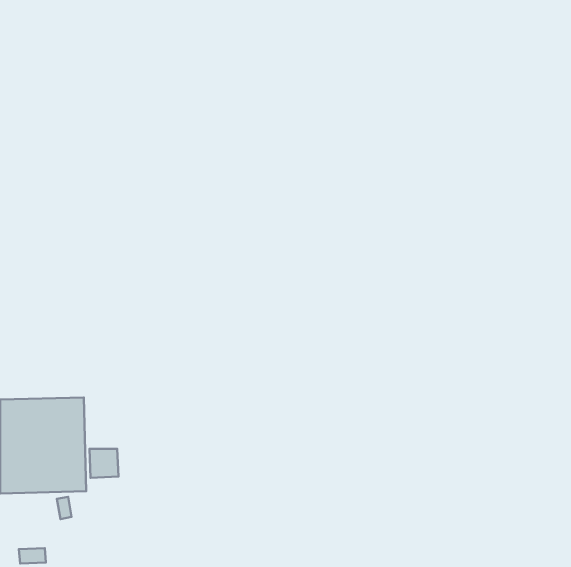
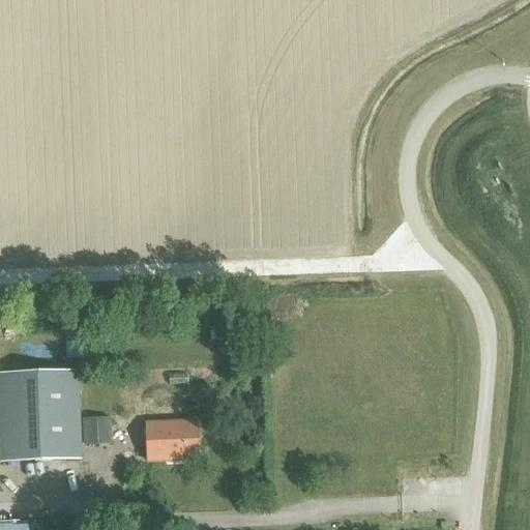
building: none -> [146,419,198,460]

